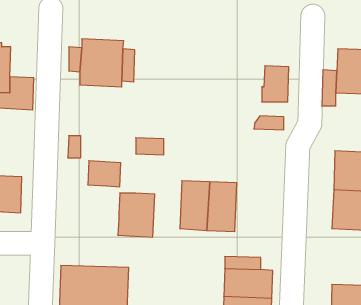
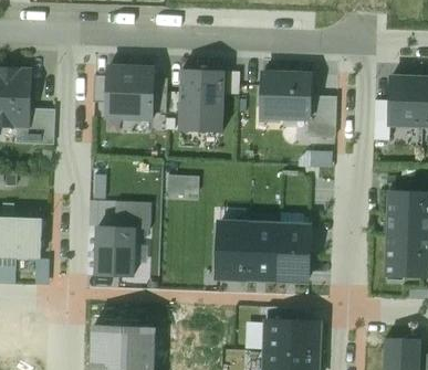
building: none -> [178,70,223,133]
building: none -> [260,73,311,119]
building: none -> [276,225,309,279]
building: [118,193,155,237] -> [94,228,135,276]

